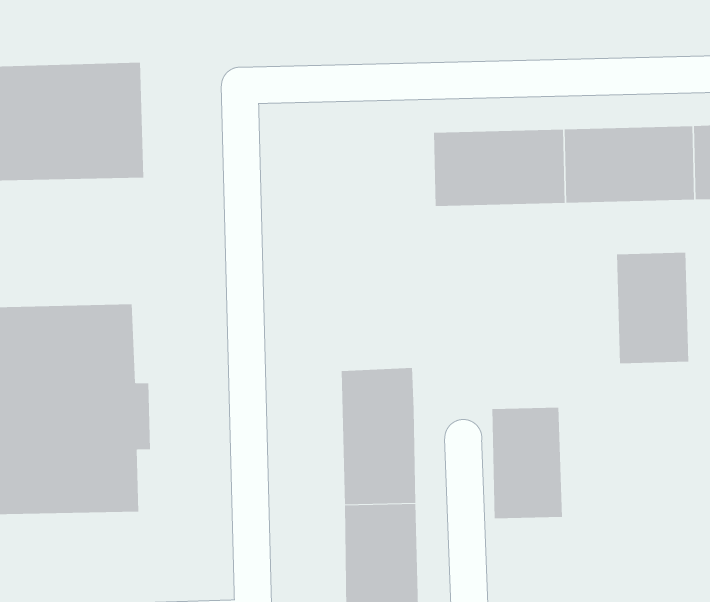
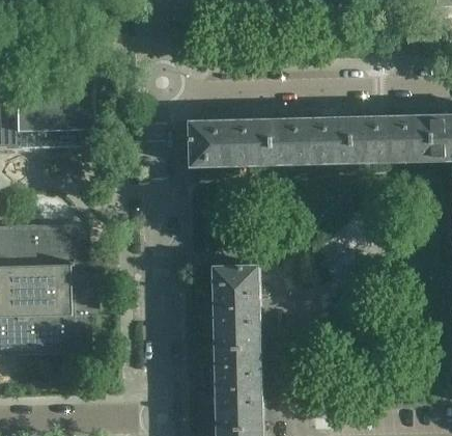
building: none -> [188,119,271,167]
building: [616,252,689,364] -> none
building: [492,407,563,519] -> none

